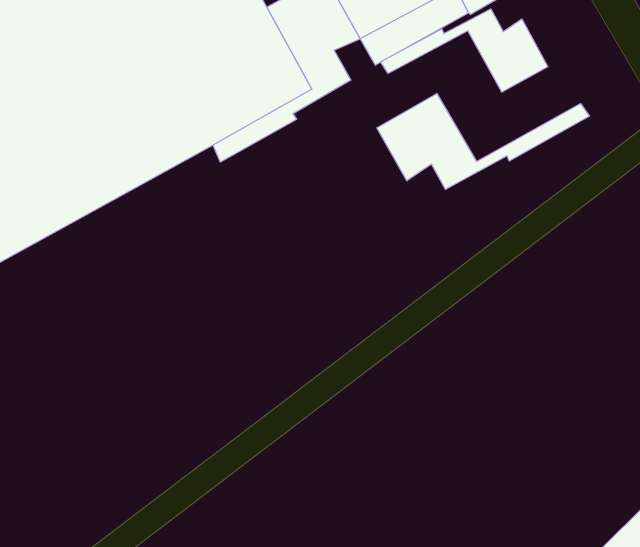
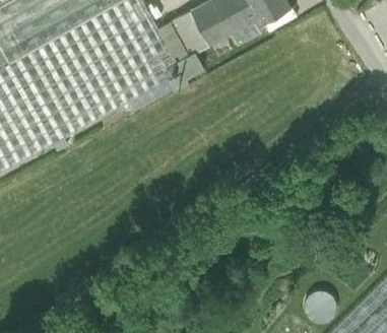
building: [381,9,548,92] -> none
building: [377,93,590,189] -> none

